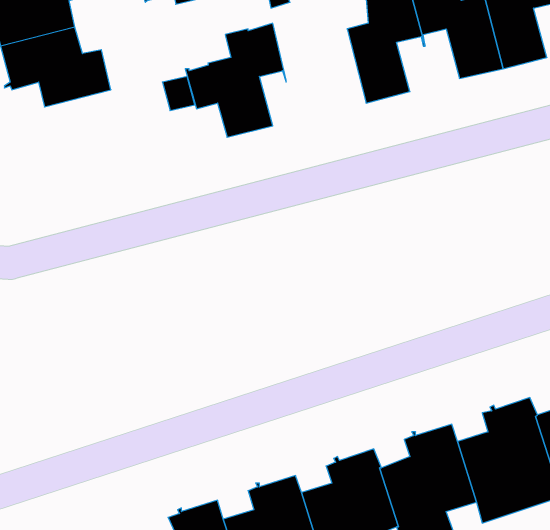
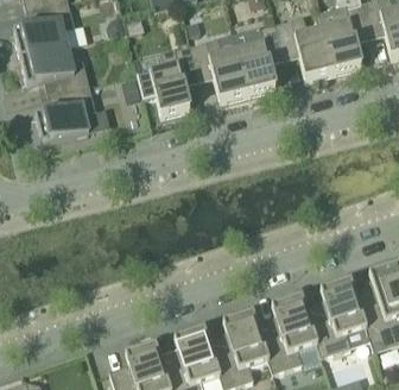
building: none -> [190,37,248,101]
building: none -> [32,86,96,144]

